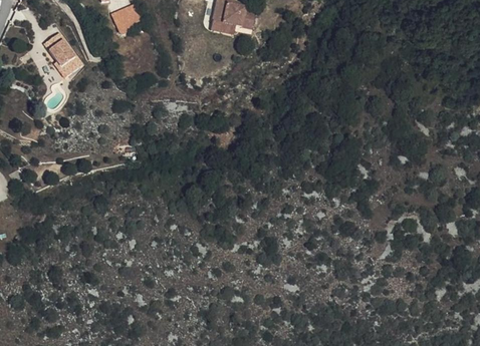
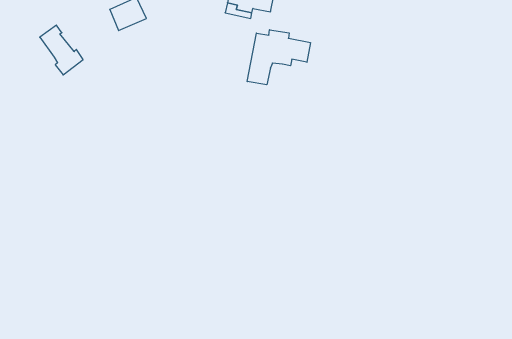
building: none -> [247,30,310,85]

